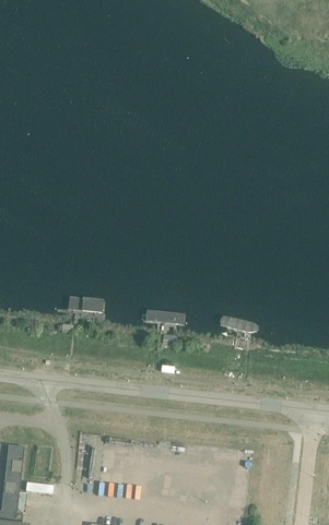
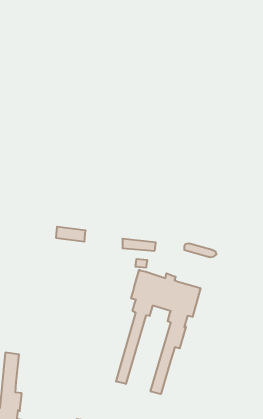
building: none -> [116,270,201,394]

